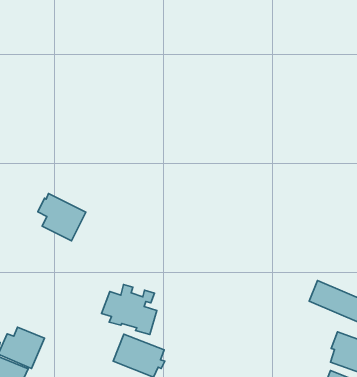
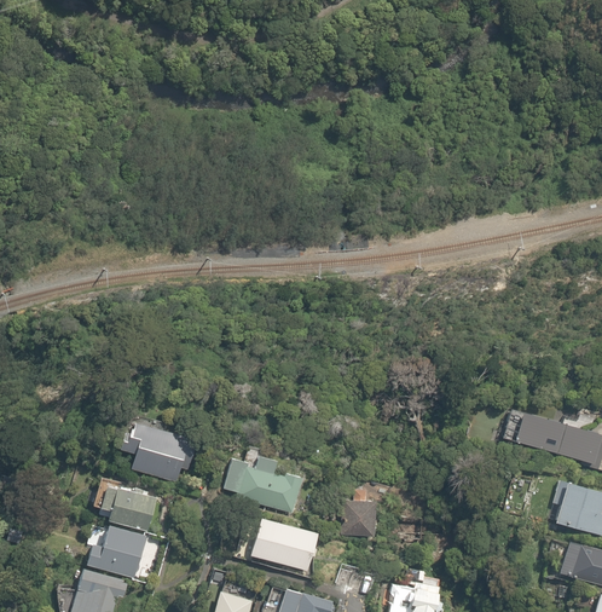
building: [38,193,86,241] -> [122,421,190,484]
building: none -> [93,475,157,532]
building: none -> [341,490,382,537]

